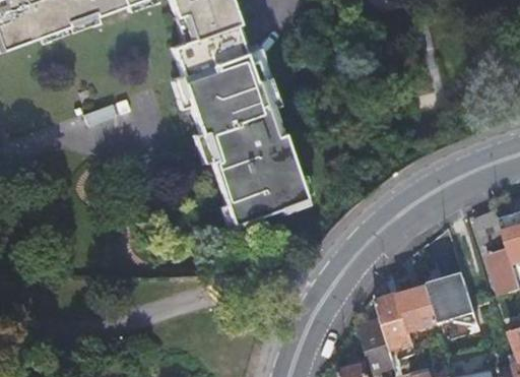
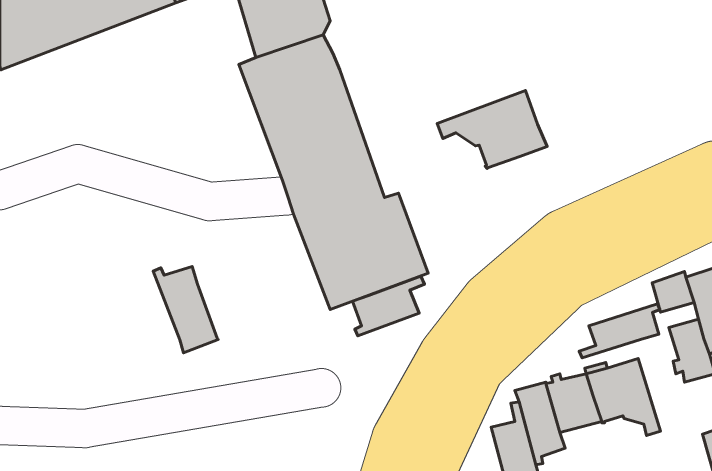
building: none -> [437,90,547,168]
building: none -> [153,267,218,353]
building: none -> [352,276,425,336]
building: none -> [579,304,660,358]

